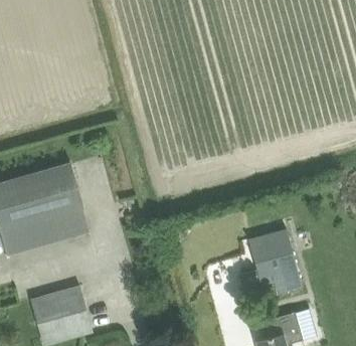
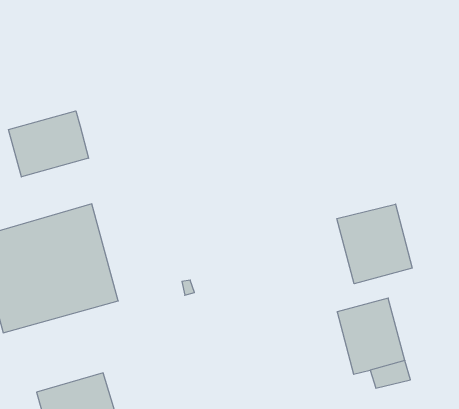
building: none -> [8,111,89,177]
building: none -> [337,204,412,284]

